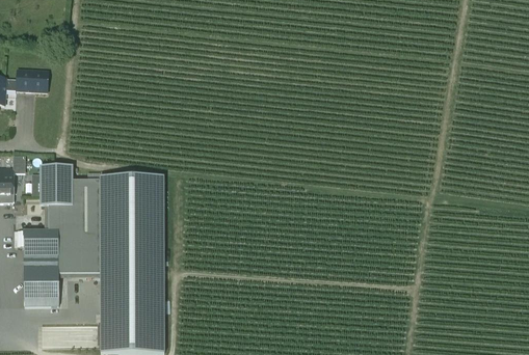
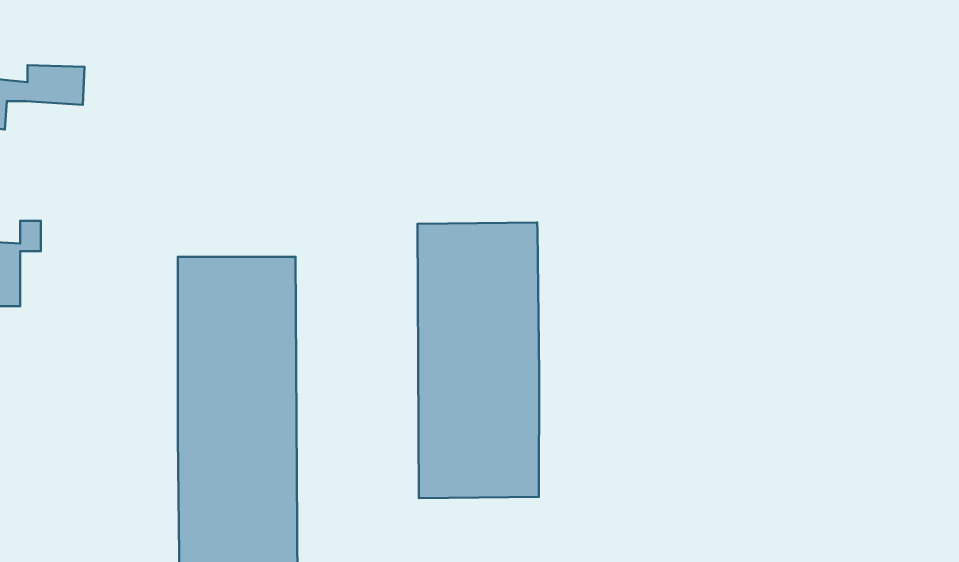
building: none -> [417,222,539,498]
building: [14,164,99,306] -> none

